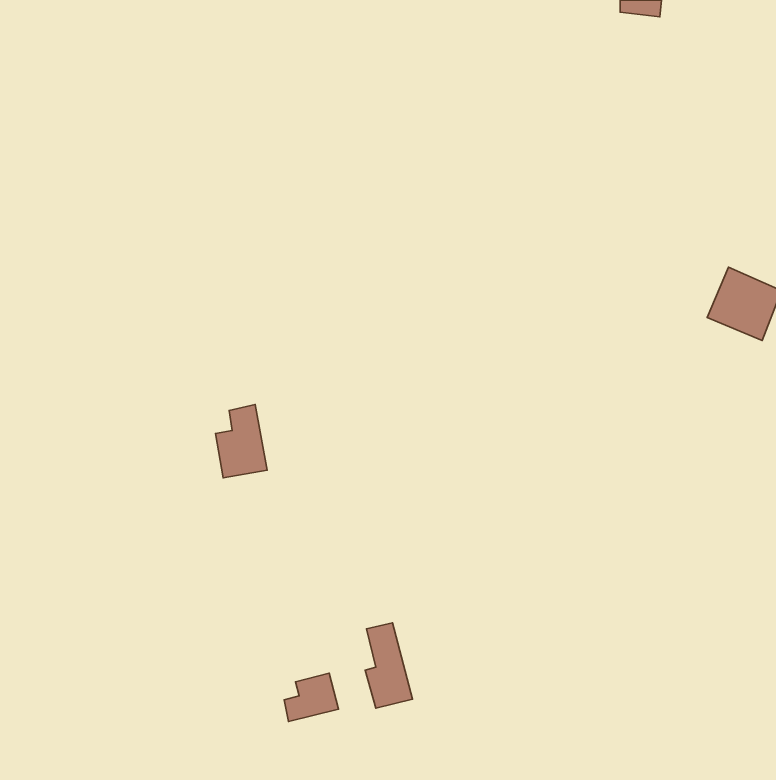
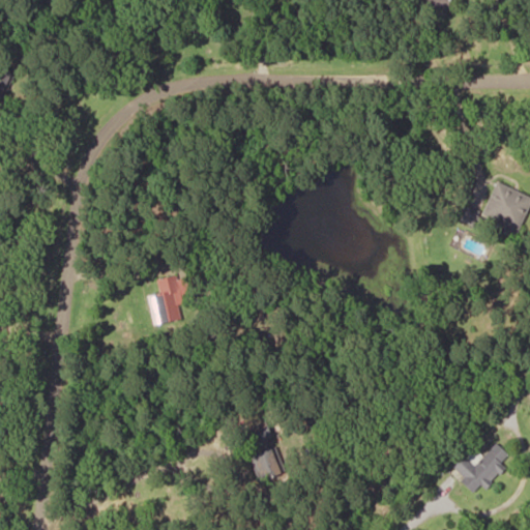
building: none -> [452,443,509,493]
building: [284,673,338,721] -> none

